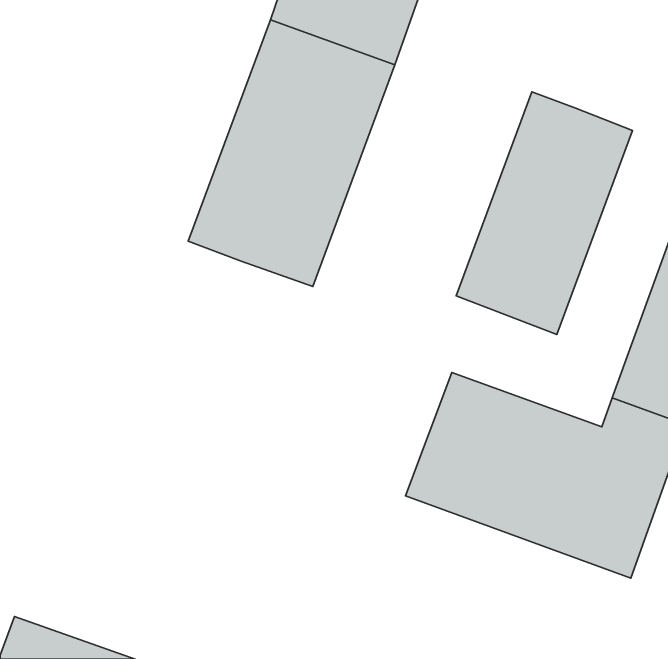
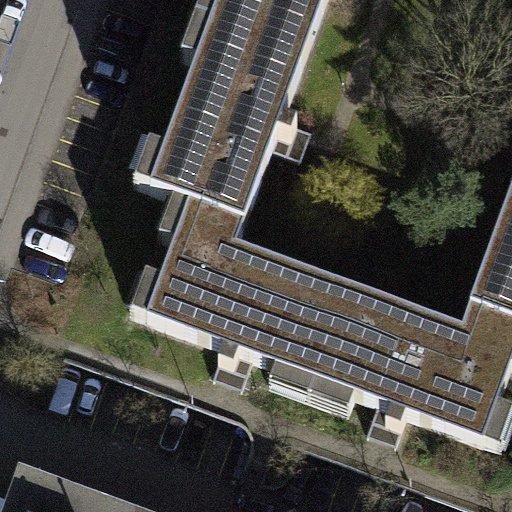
building: [456,92,632,334] -> none
building: none -> [146,197,348,374]

